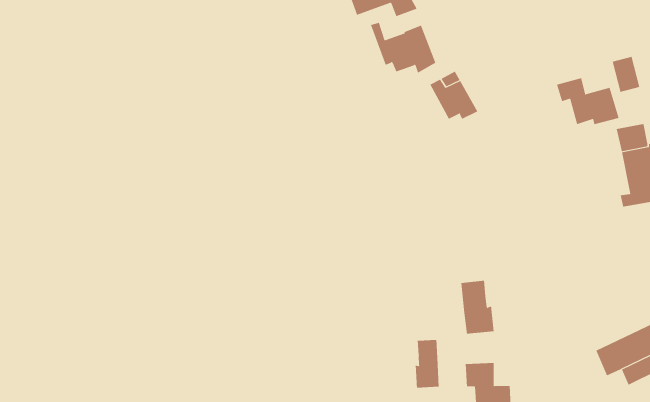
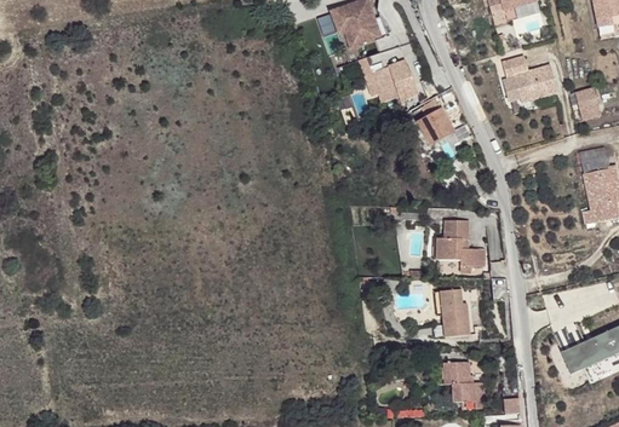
building: [556,78,620,125] -> [501,56,558,98]
building: none -> [436,220,485,265]
building: [415,339,439,389] -> none

